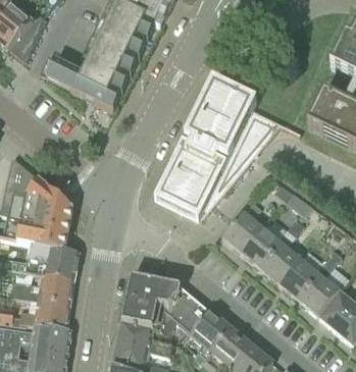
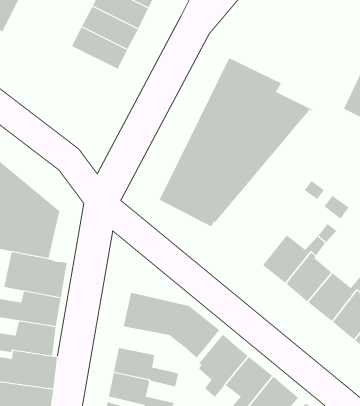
building: [45,57,120,108] -> none
building: [220,200,260,252] -> none
building: [120,303,175,332] -> none

